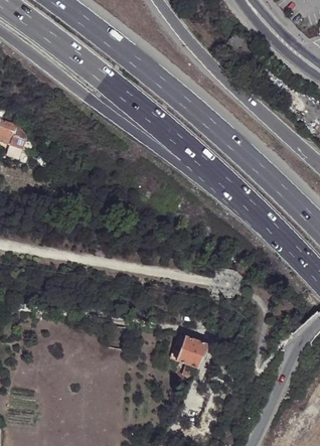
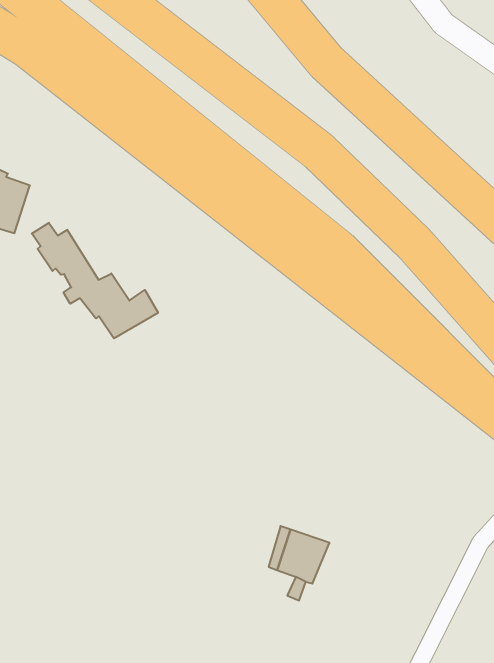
building: none -> [32,223,158,338]

